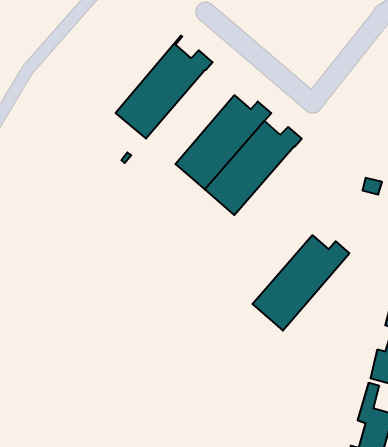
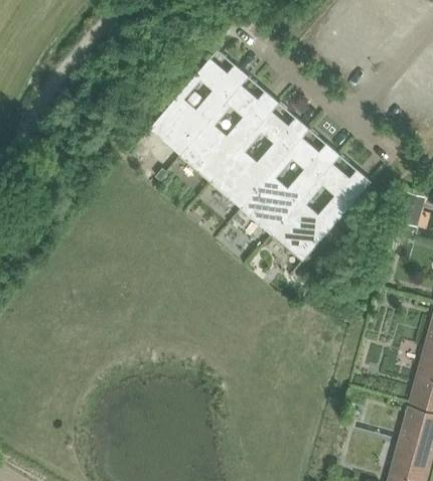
building: none -> [180,86,279,182]
building: [252,235,349,331] -> [271,164,371,262]

